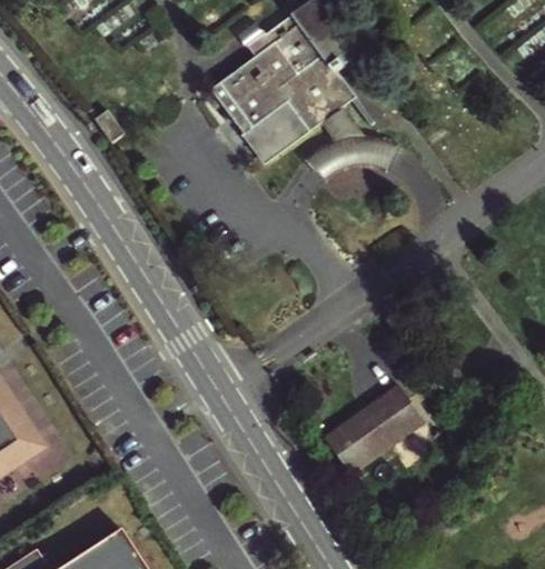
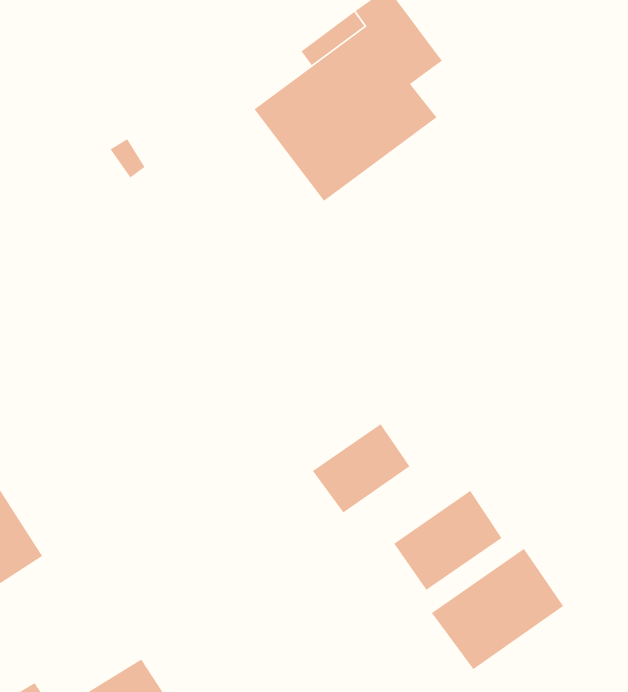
building: none -> [312,423,410,514]
building: none -> [431,548,564,670]

